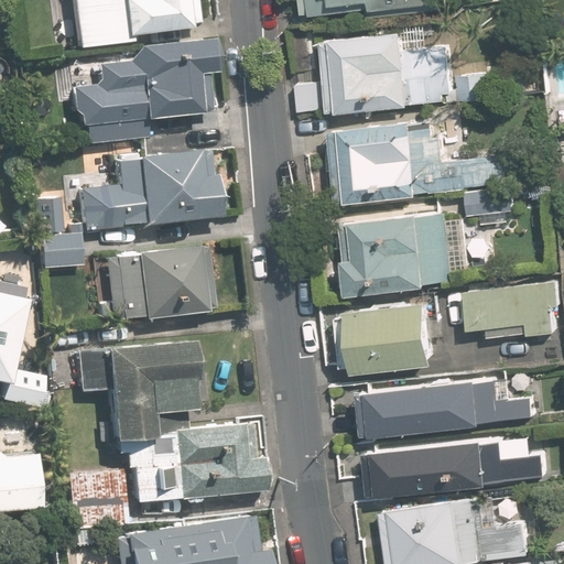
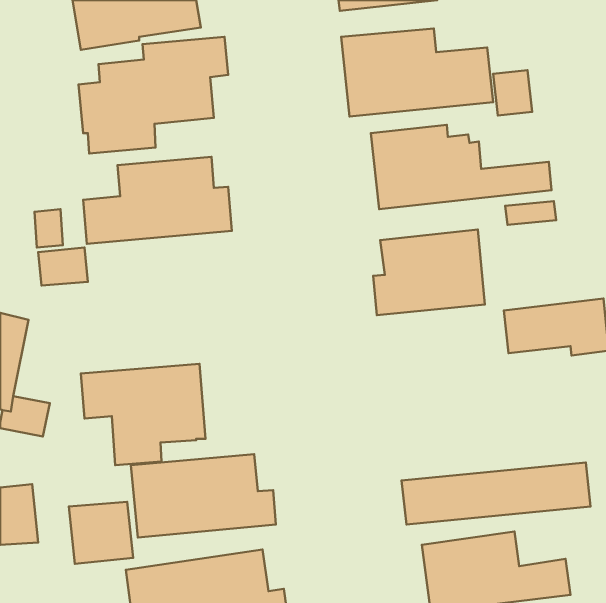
building: [112,249,204,321] -> none
building: [350,301,436,370] -> none
building: [370,381,535,434] -> none

